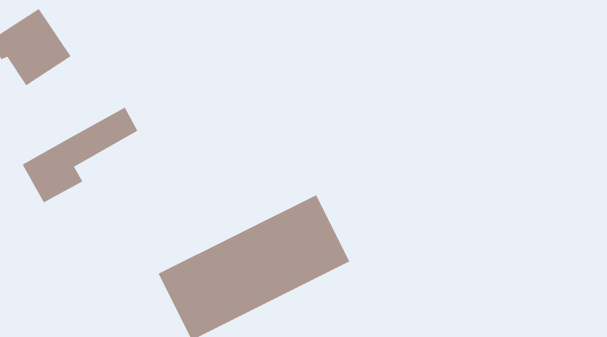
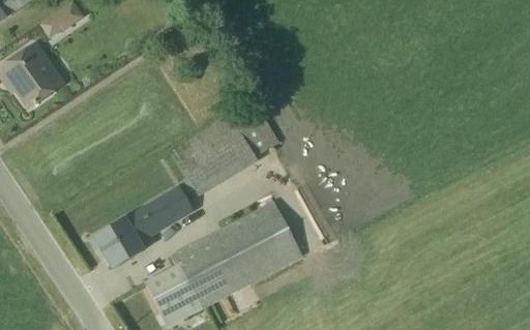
building: none -> [171,106,278,197]
building: [22,107,138,203] -> [92,186,193,269]

